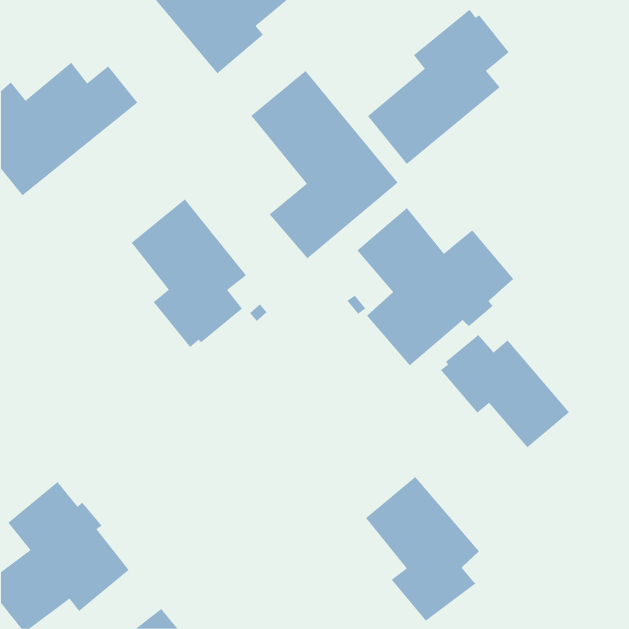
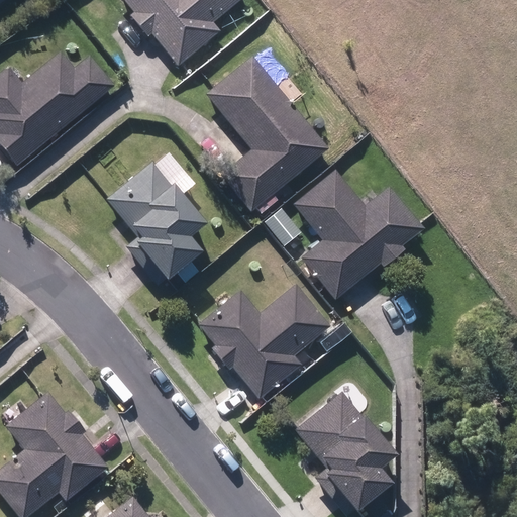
building: [367,9,510,165] -> none
building: [440,334,570,448] -> none
building: none -> [199,284,352,398]

